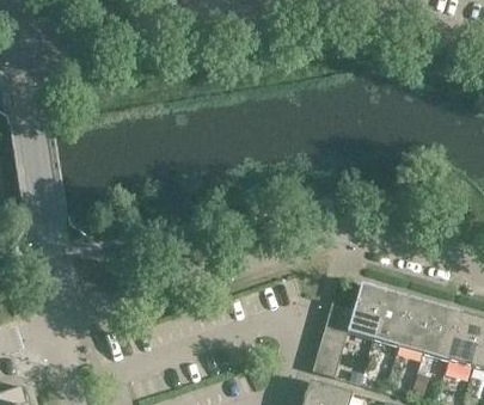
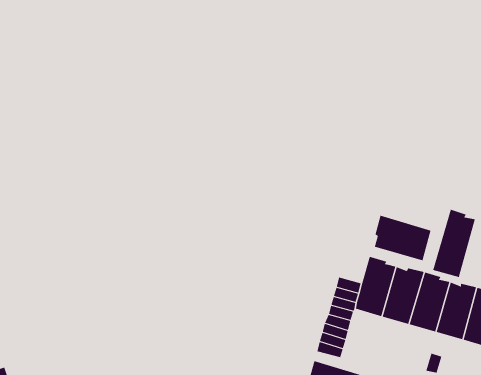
building: none -> [433,209,476,278]
building: none -> [374,215,431,261]

